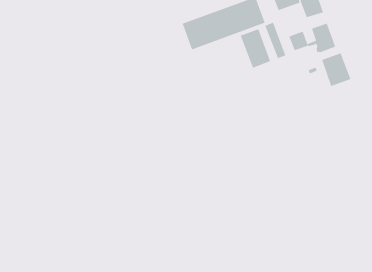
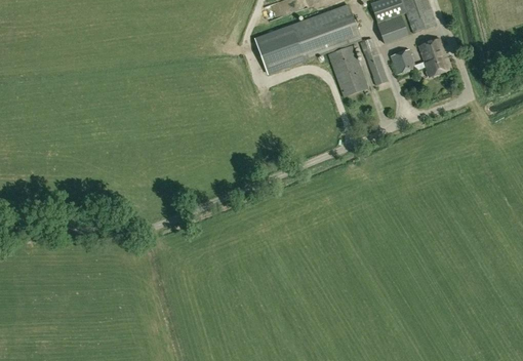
building: none -> [376,13,408,43]
building: [321,53,351,87] -> none

